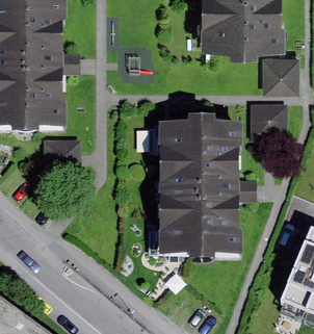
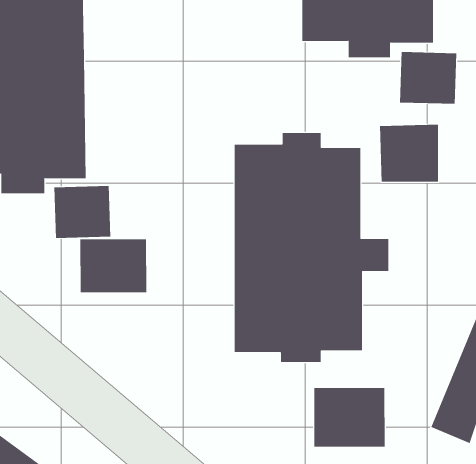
building: none -> [80,238,147,293]
building: none -> [314,387,385,447]

